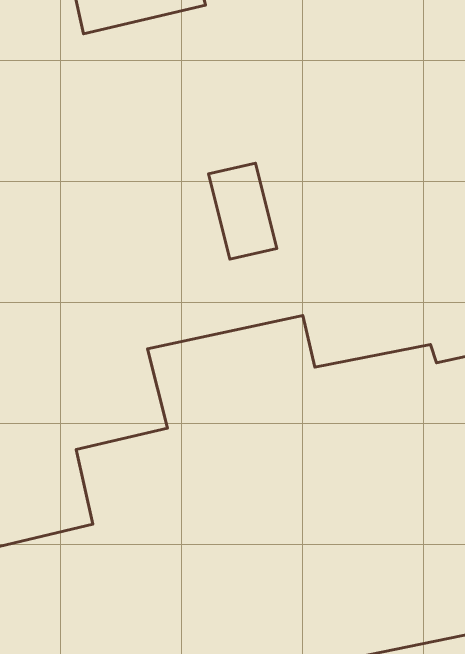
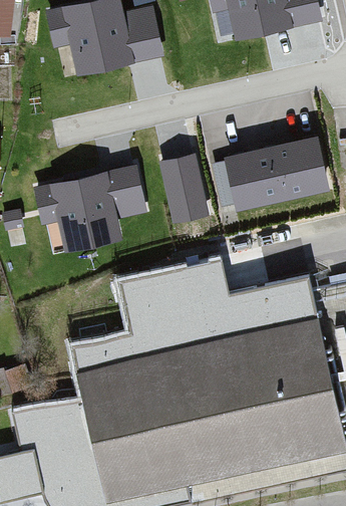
building: none -> [227,141,319,208]
building: none -> [33,167,139,249]

